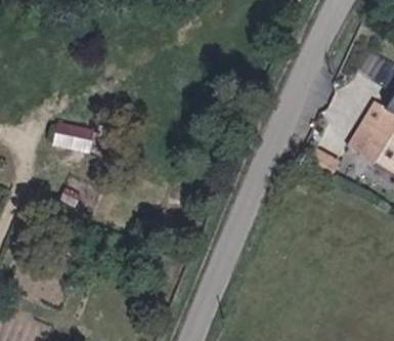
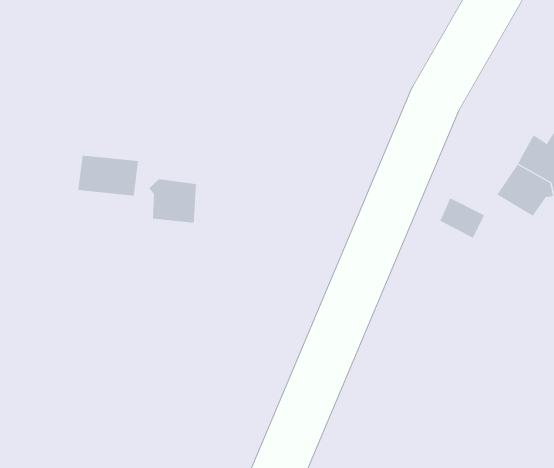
building: none -> [149,178,197,223]

